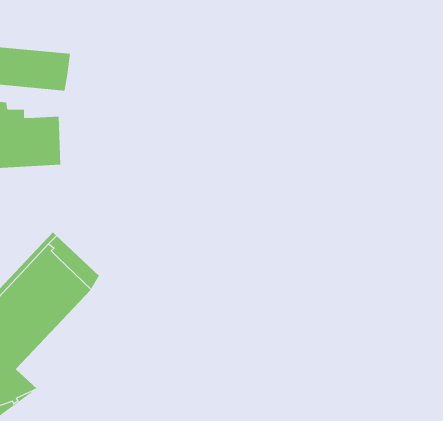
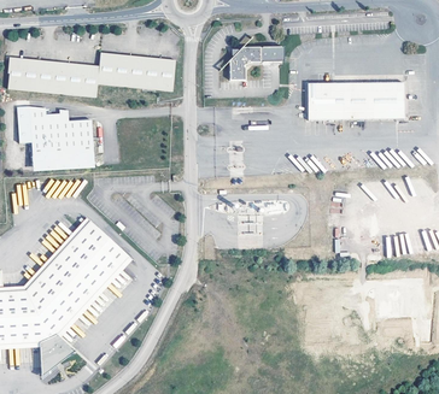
building: none -> [230,47,275,81]
building: none -> [98,51,176,89]
building: none -> [308,82,403,119]

